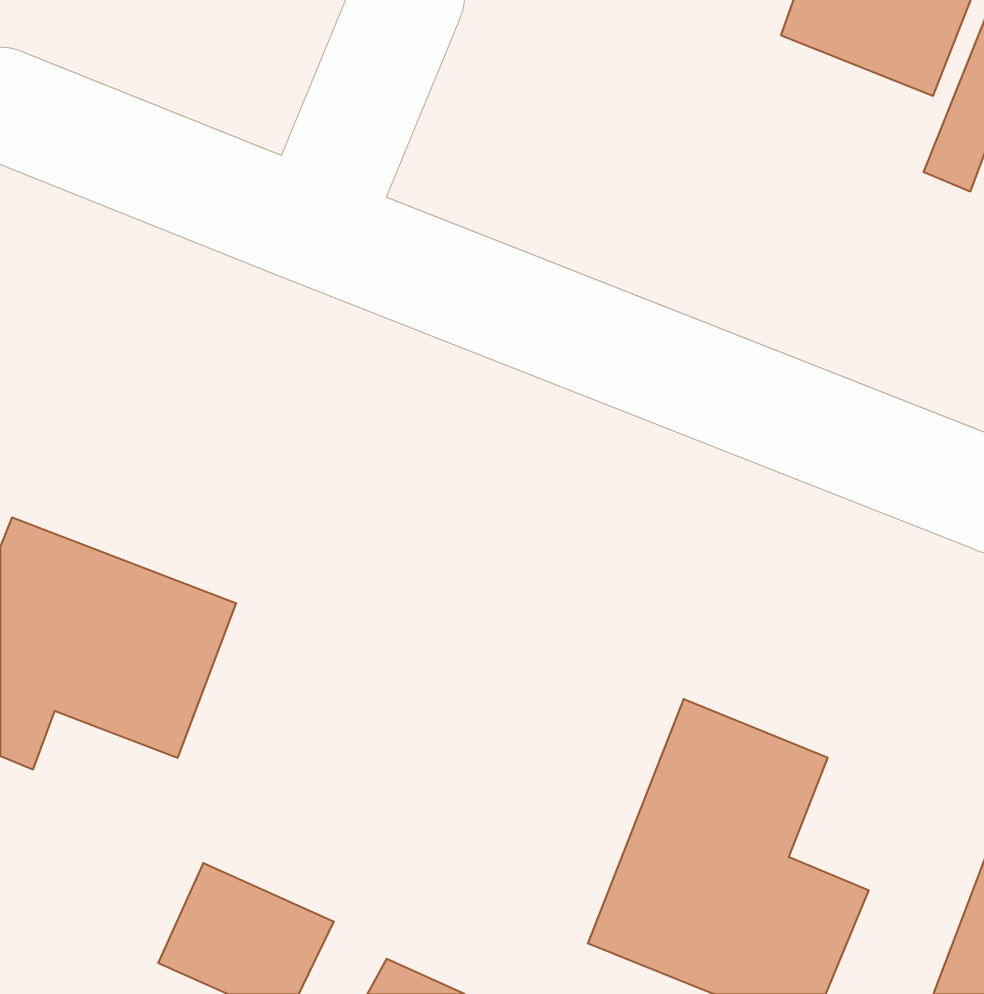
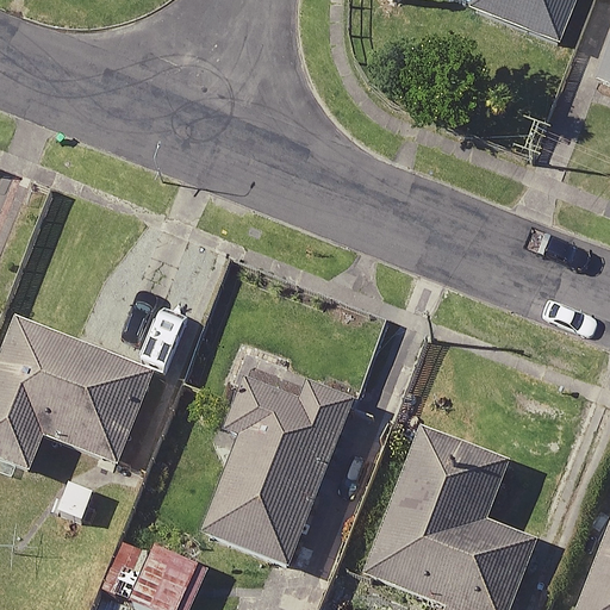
building: none -> [155,360,351,566]

